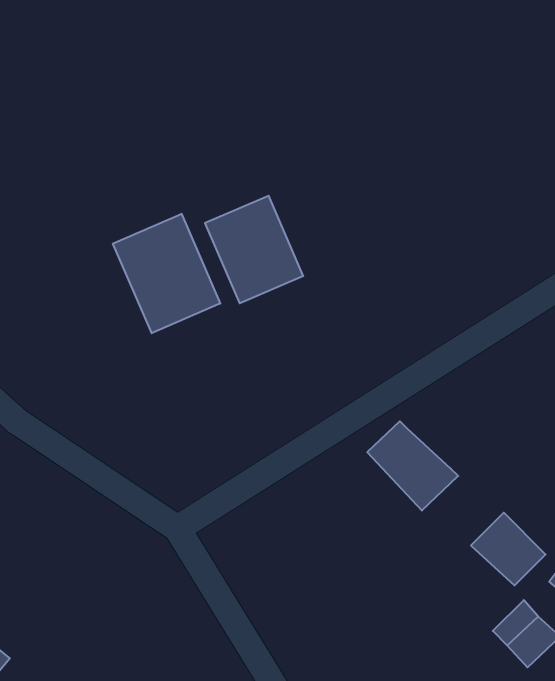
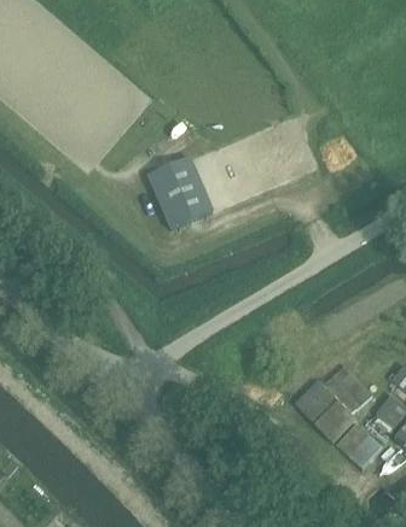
building: [113,214,220,333] -> none
building: [367,421,458,511] -> [297,383,358,443]

